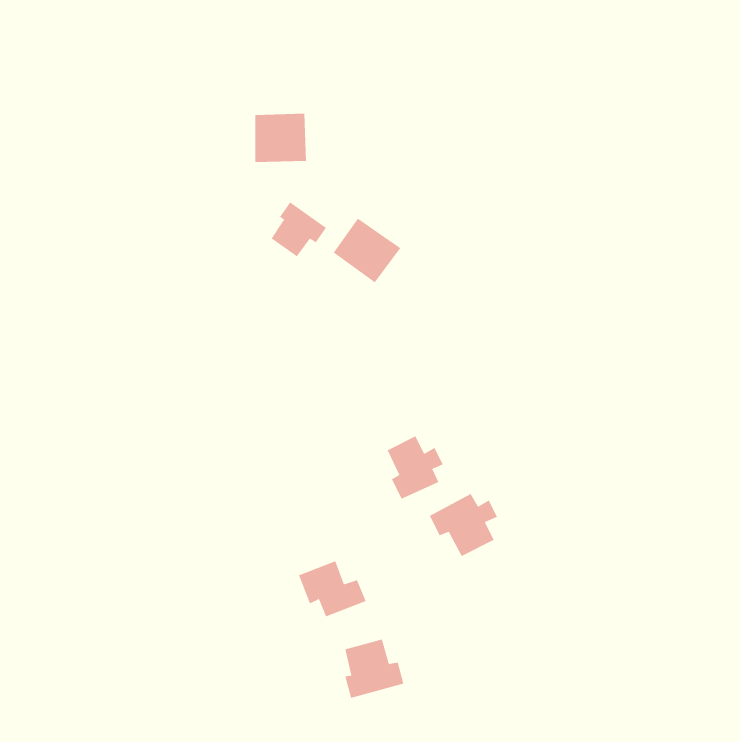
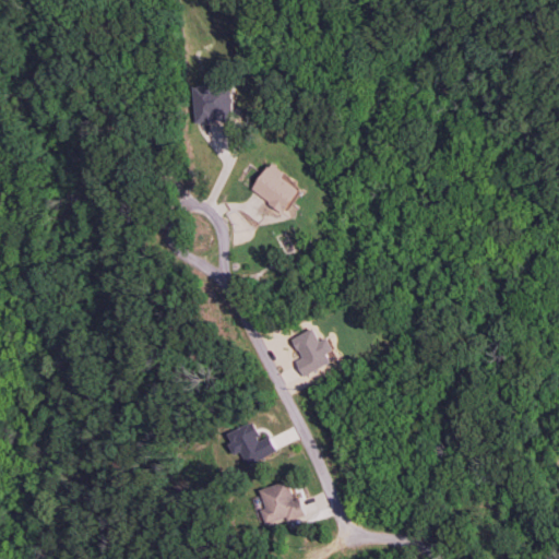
building: [271,202,327,257] -> none
building: [429,493,498,557] -> none

